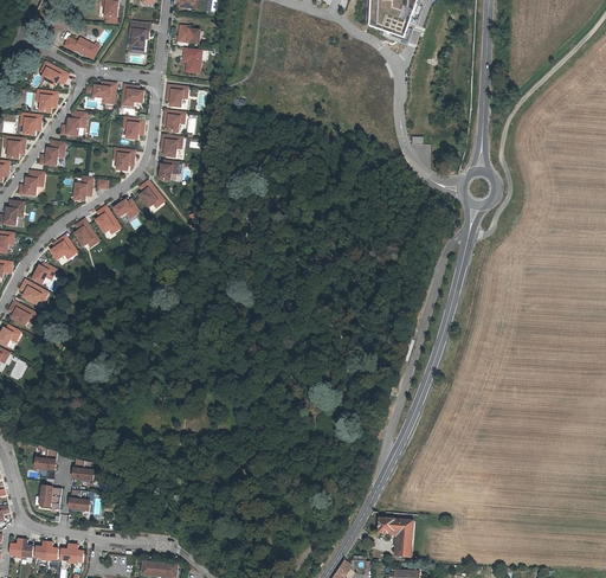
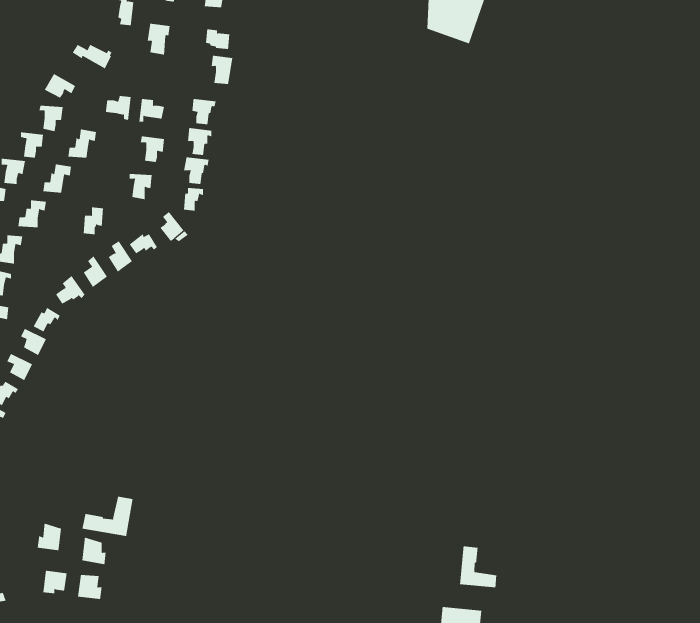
building: none -> [82,496,133,537]
building: none -> [459,545,497,588]

